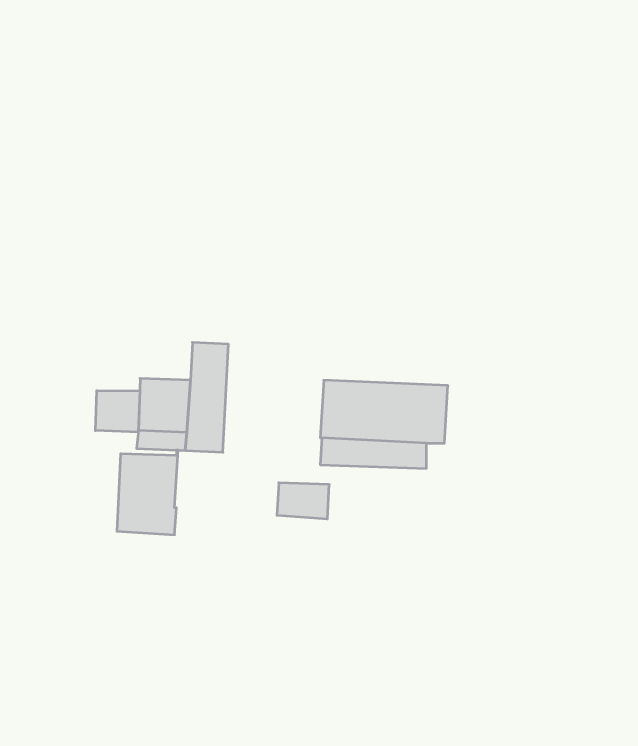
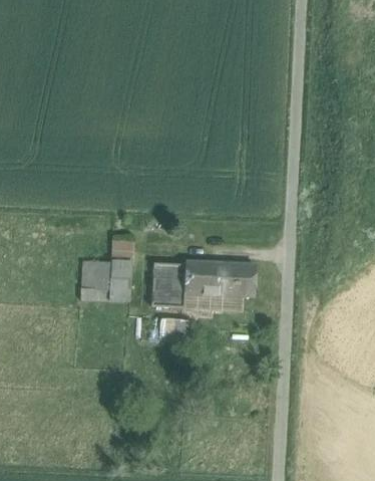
building: [95,391,140,432] -> none
building: [117,450,178,535] -> [151,260,185,307]

